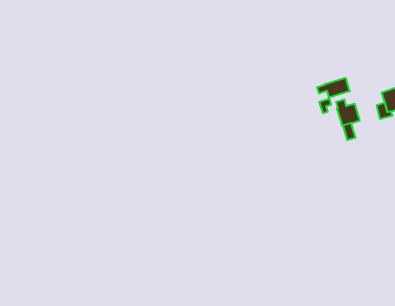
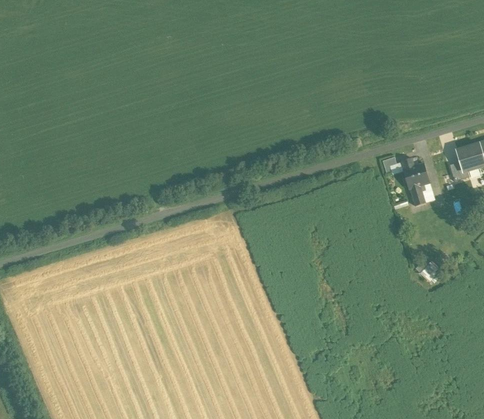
building: [317,78,350,97] -> none

